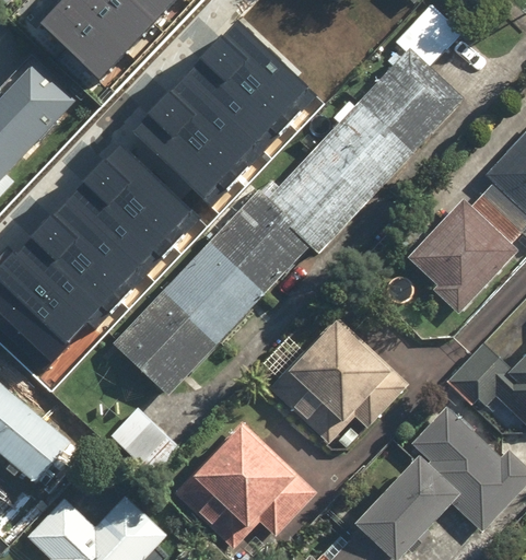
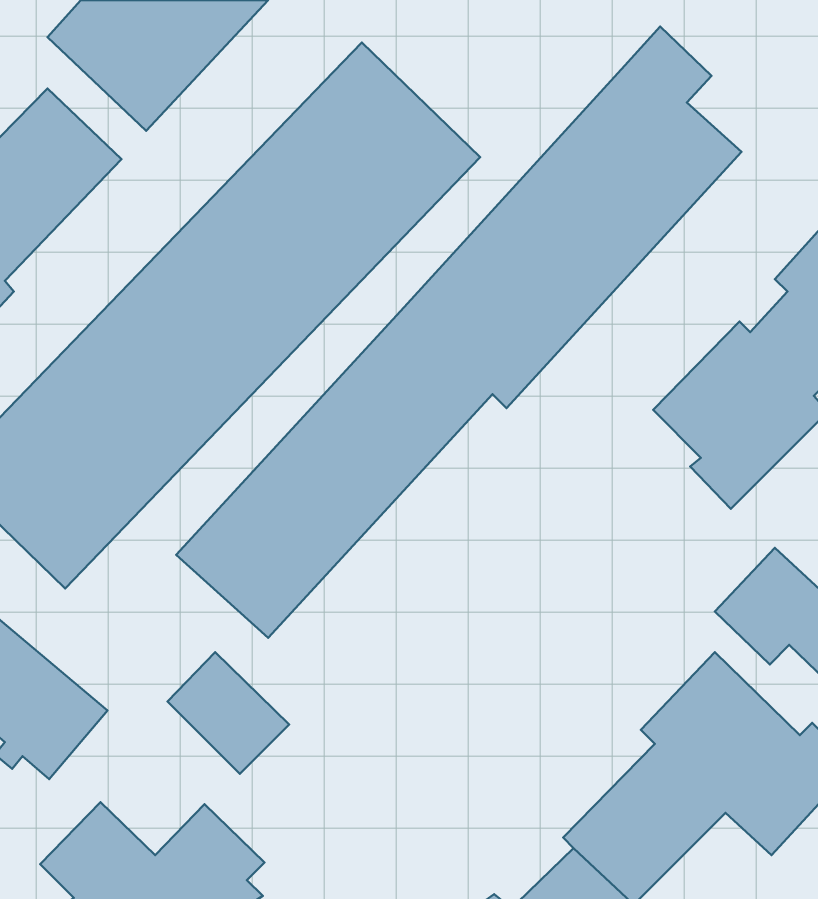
building: [265,313,412,459] -> none
building: [172,418,319,550] -> none

